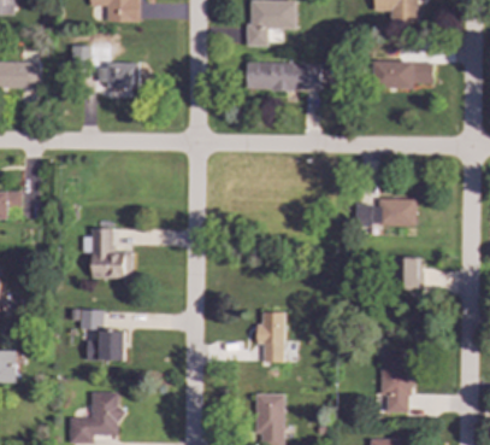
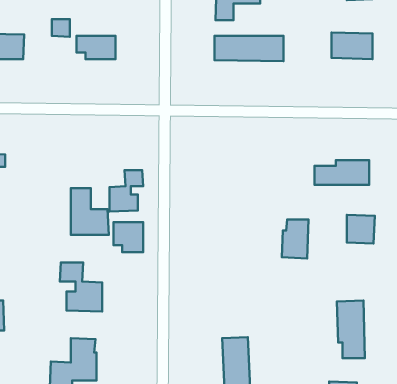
building: none -> [109,170,143,211]
building: none -> [114,222,143,252]
building: [256,311,285,353] -> [282,219,308,258]

